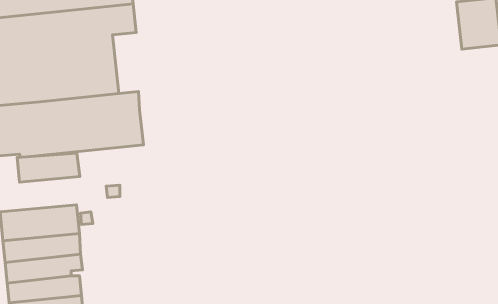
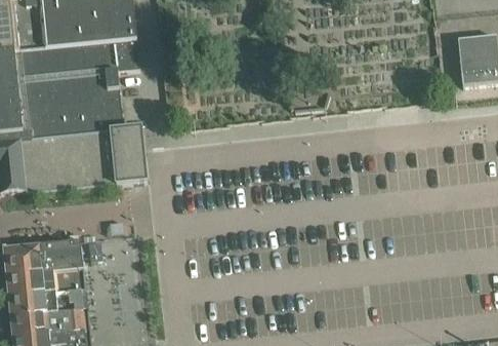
building: [17,153,80,182] -> none

